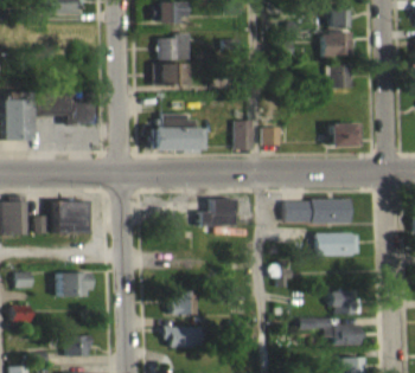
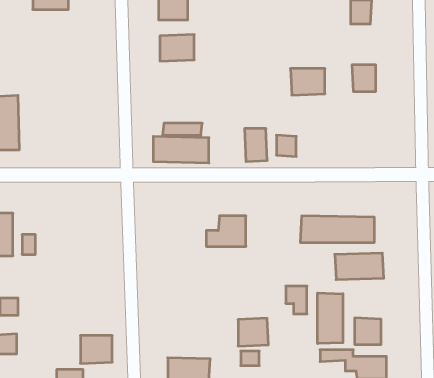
building: [321,32,352,56] -> [290,69,325,95]
building: [152,63,190,86] -> none
building: [36,91,96,126] -> none
building: [328,123,362,147] -> none
building: [53,201,87,233] -> none
building: none -> [318,293,343,344]
building: [58,272,87,297] -> [80,336,112,363]
building: [170,290,197,315] -> [238,318,268,346]

